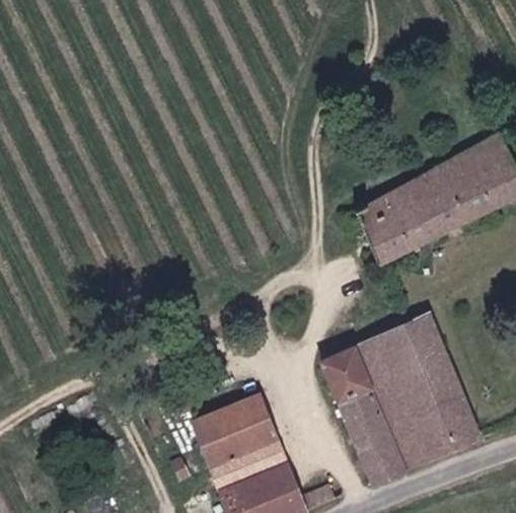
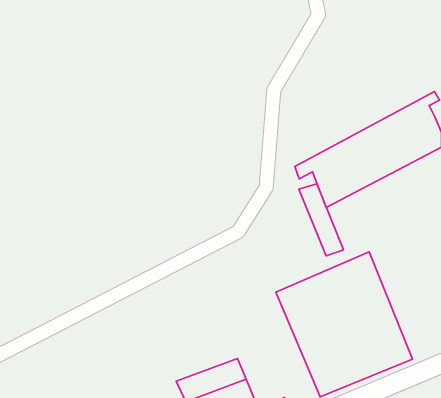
building: none -> [299,184,343,256]
building: [189,391,278,466] -> none

